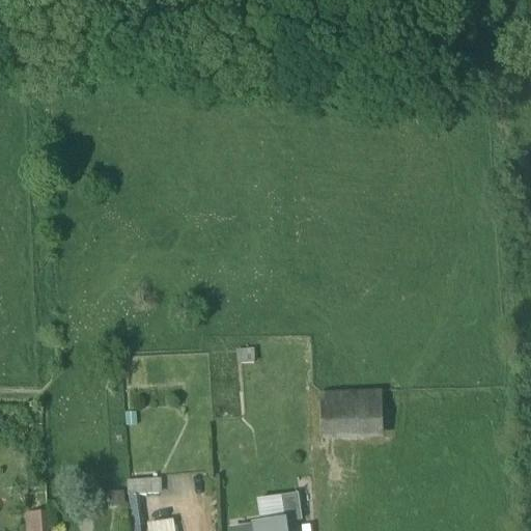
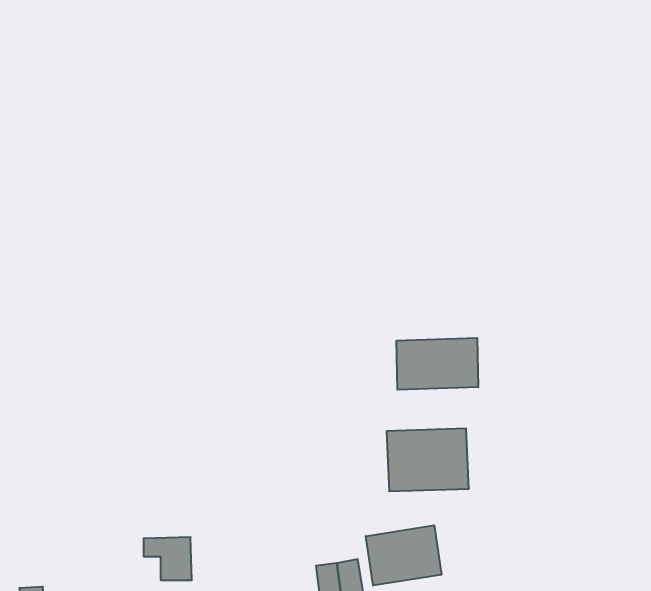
building: none -> [397,338,478,390]
building: none -> [366,525,442,586]

